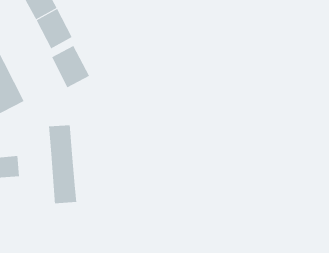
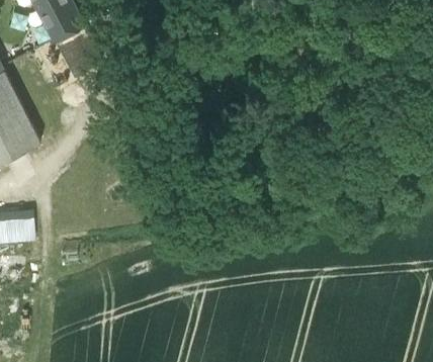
building: [51,45,90,88] -> none
building: [48,125,77,204] -> none

